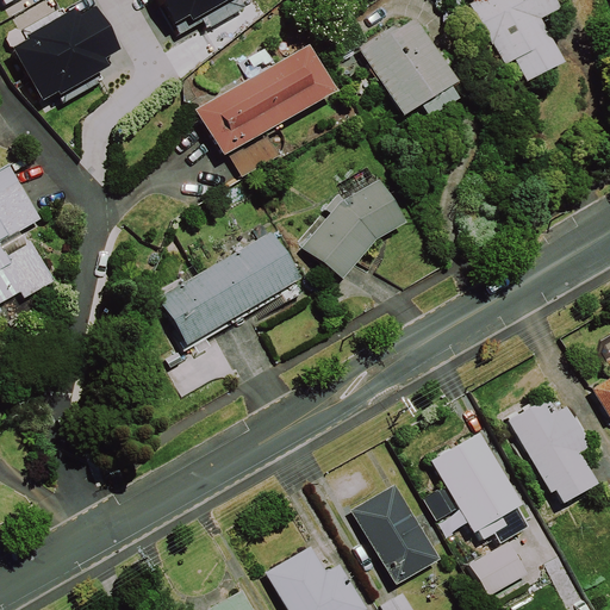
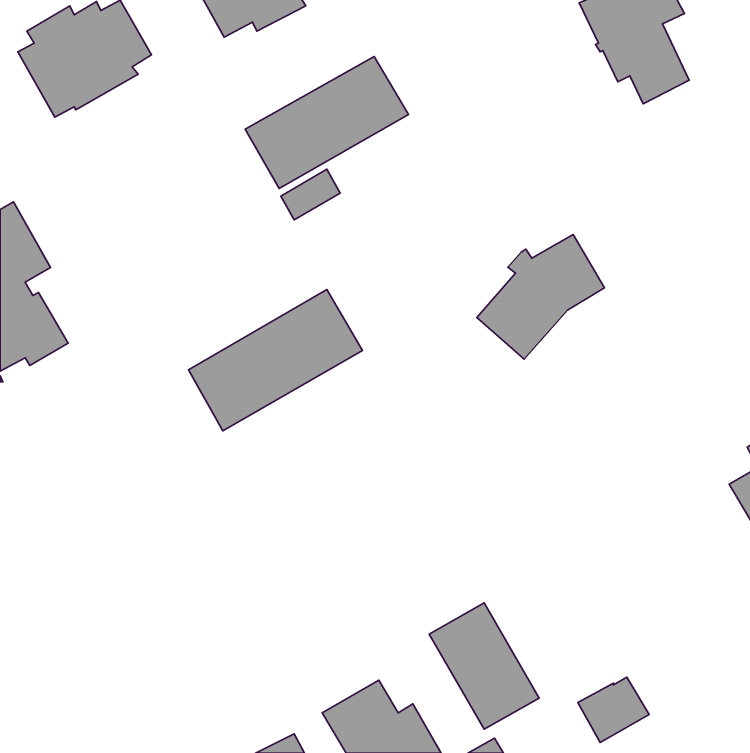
building: [361,18,456,118] -> none
building: [303,180,405,280] -> [477,234,604,359]
building: [509,398,597,505] -> none
building: [425,434,531,544] -> none

